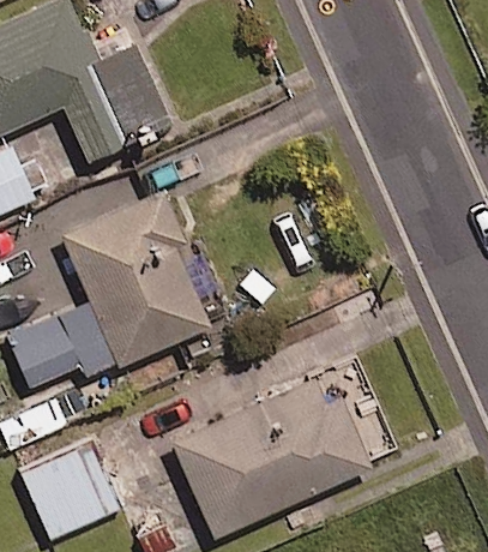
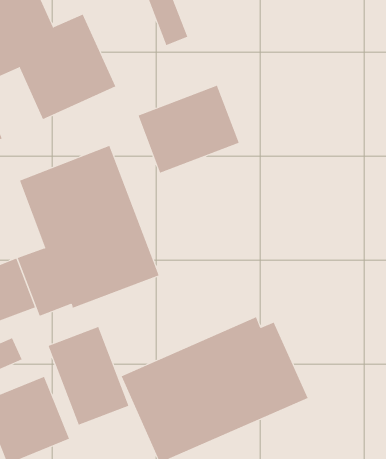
building: none -> [138,85,239,174]
building: none -> [48,326,129,425]

